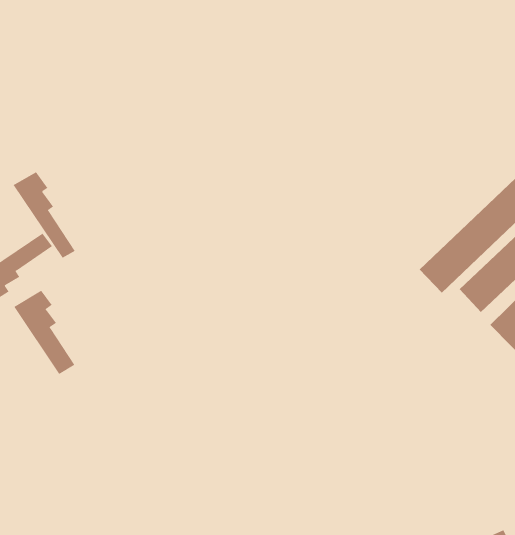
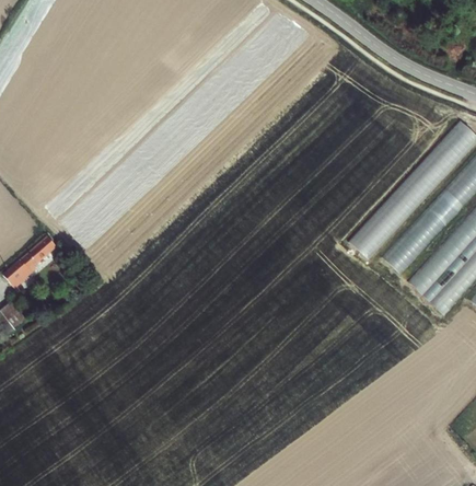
building: [13,172,76,258] -> none
building: [13,290,75,375] -> none

